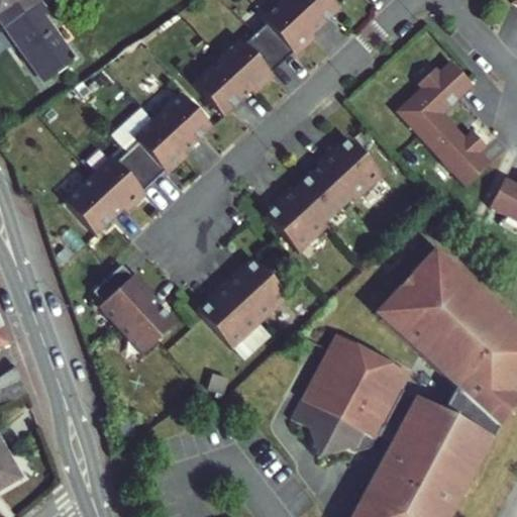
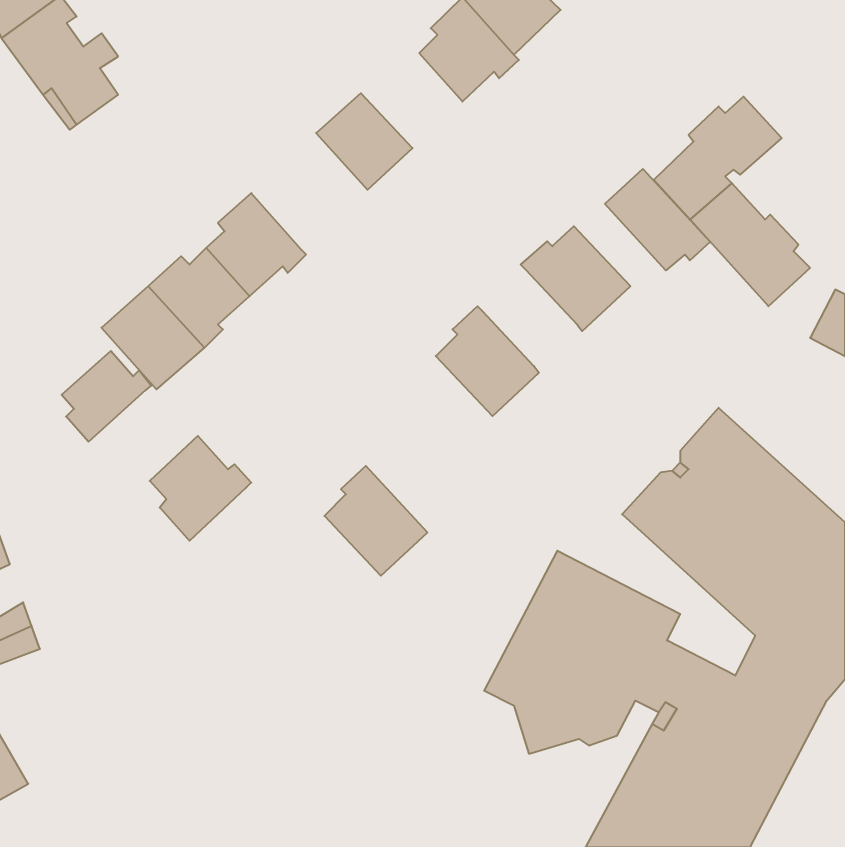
building: [219,32,281,93] -> none
building: [152,92,211,151] -> none
building: none -> [605,169,710,270]
building: [293,164,350,222] -> none
building: none -> [62,351,151,442]
building: [222,260,289,323] -> none
building: [115,296,175,355] -> none

